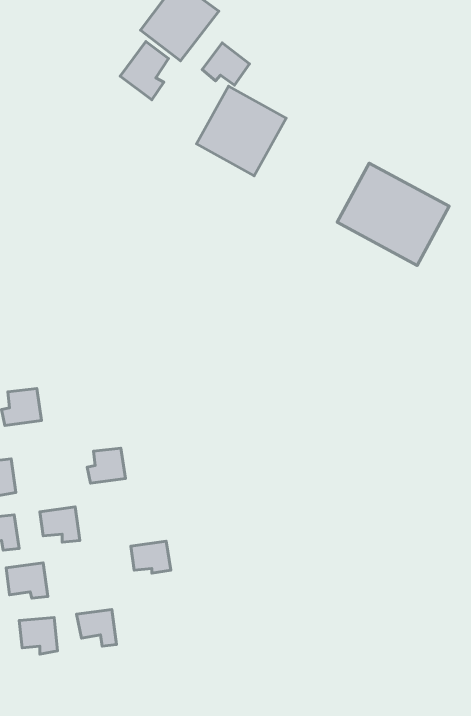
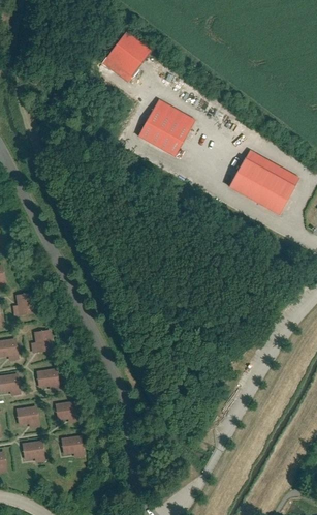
building: [120,42,169,100] -> none
building: [202,43,250,85] -> none
building: [87,448,126,483] -> [30,332,55,355]
building: [131,541,171,573] -> [55,403,81,424]

